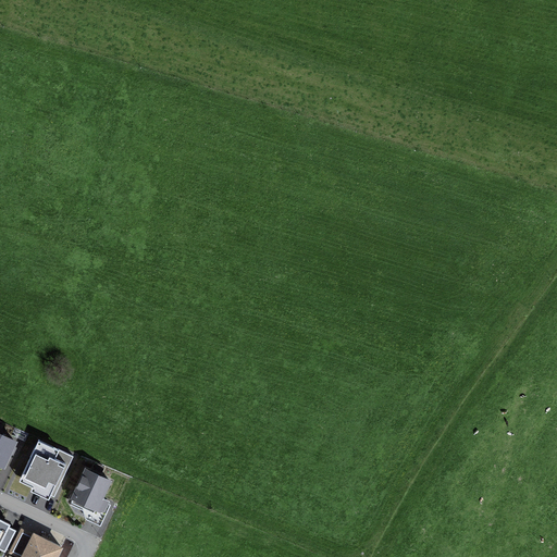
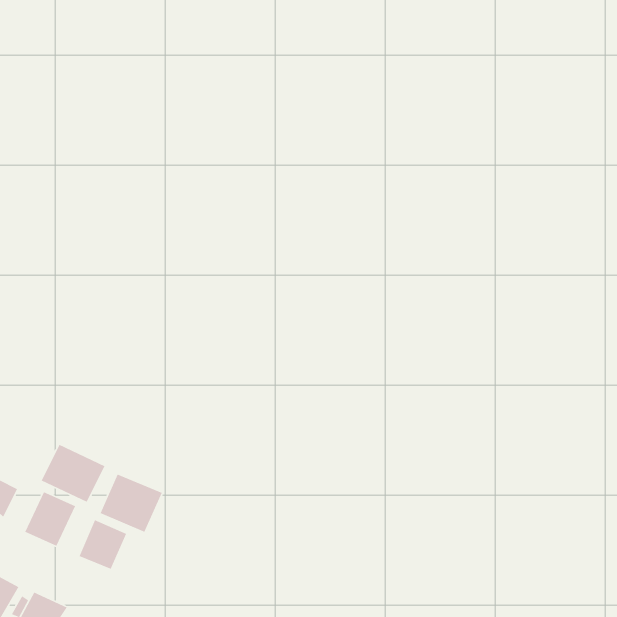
building: none -> [41,444,106,503]
building: none -> [99,473,163,533]

